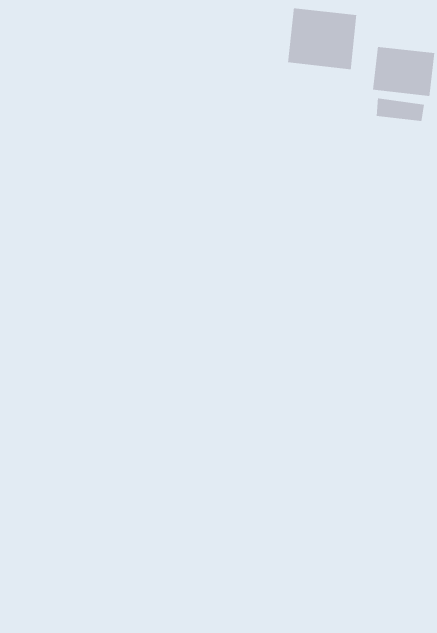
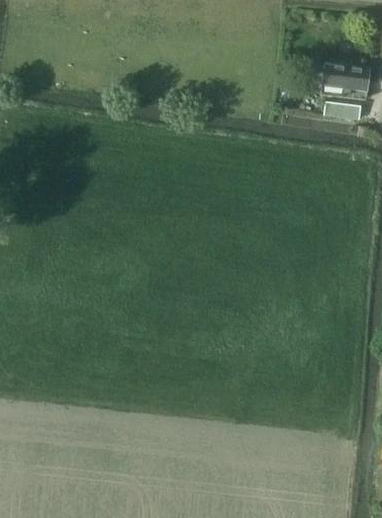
building: [288,7,357,70] -> none

